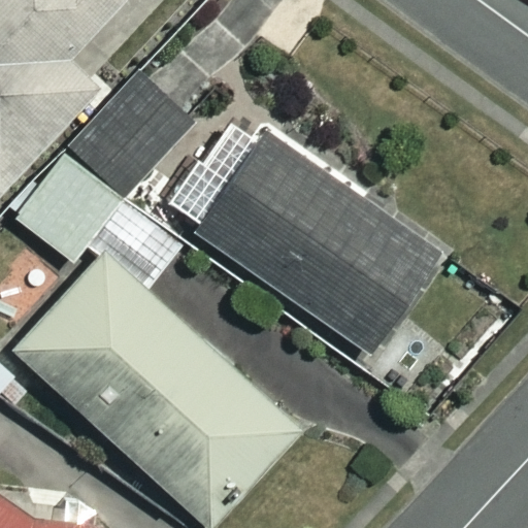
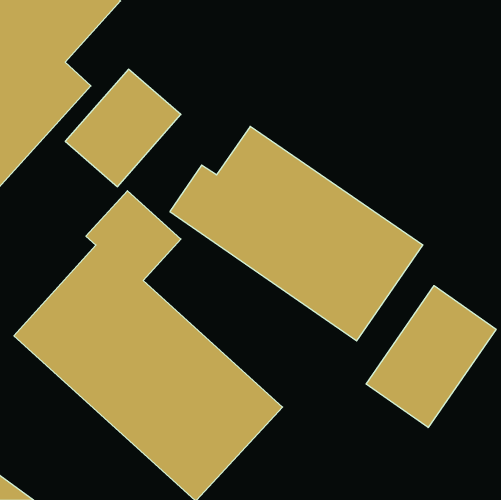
building: [12,147,123,259] -> none
building: none -> [366,286,496,428]

